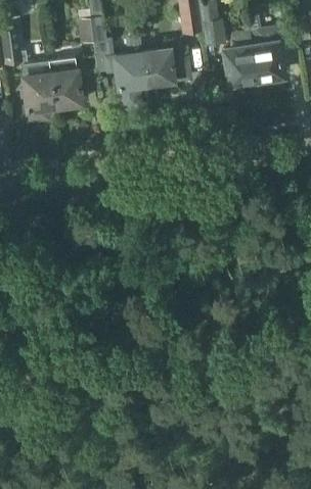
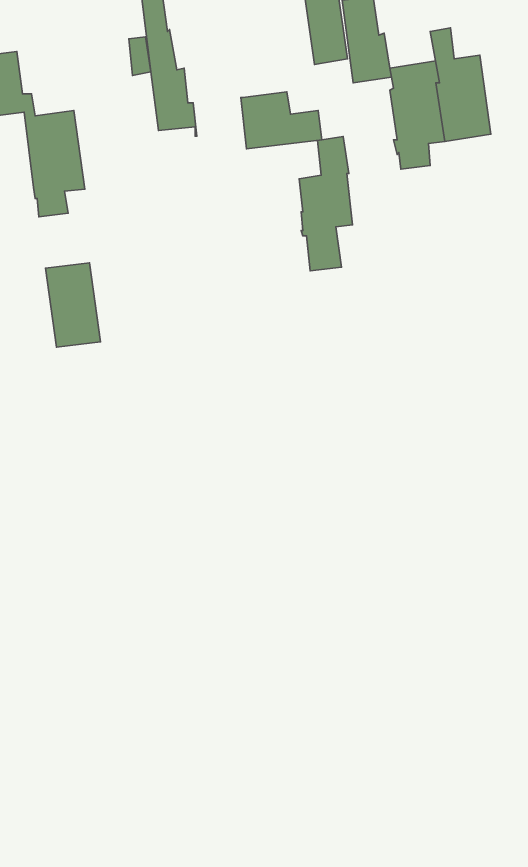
building: [117,35,146,109] -> [299,137,352,271]
building: [50,59,81,106] -> [45,263,101,347]

